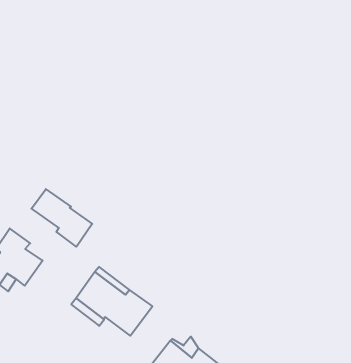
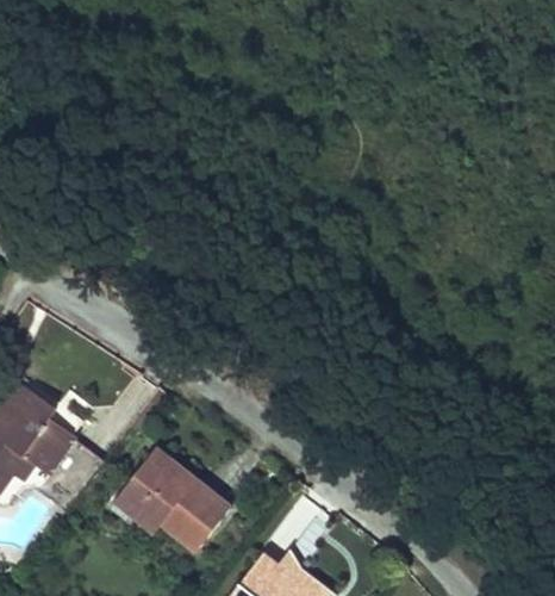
building: [31,189,92,247] -> none

